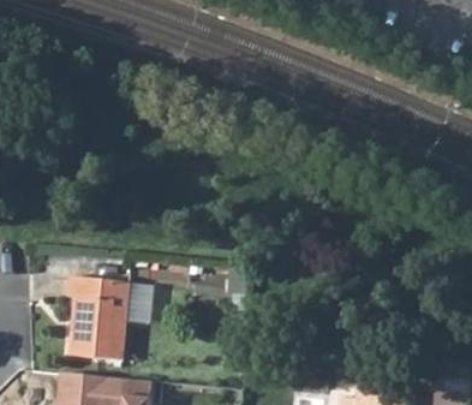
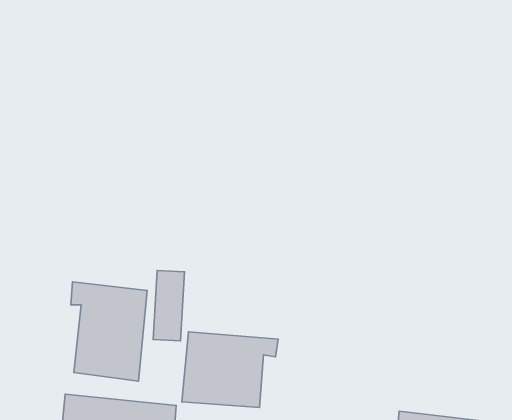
building: none -> [182,332,278,407]

